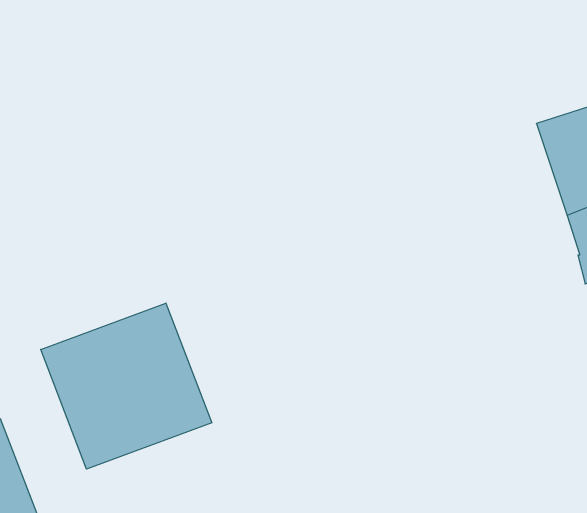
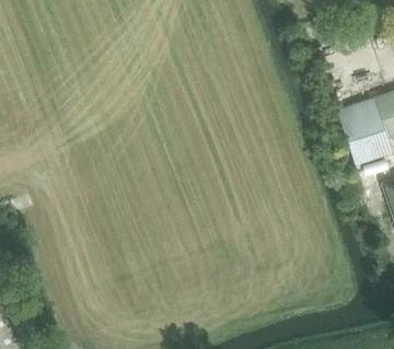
building: [41,303,212,469] -> none

